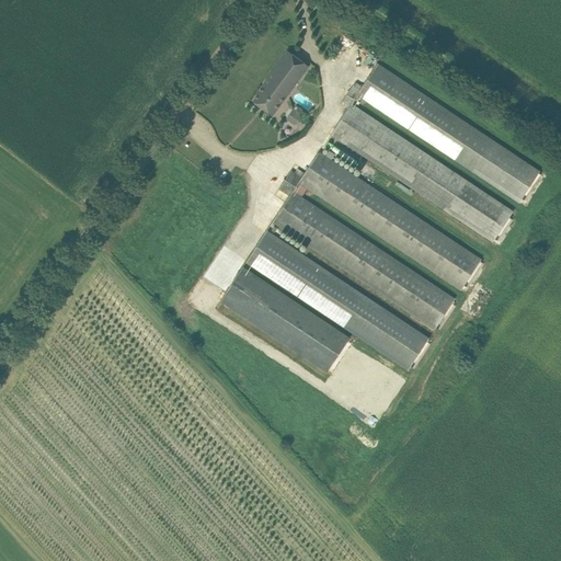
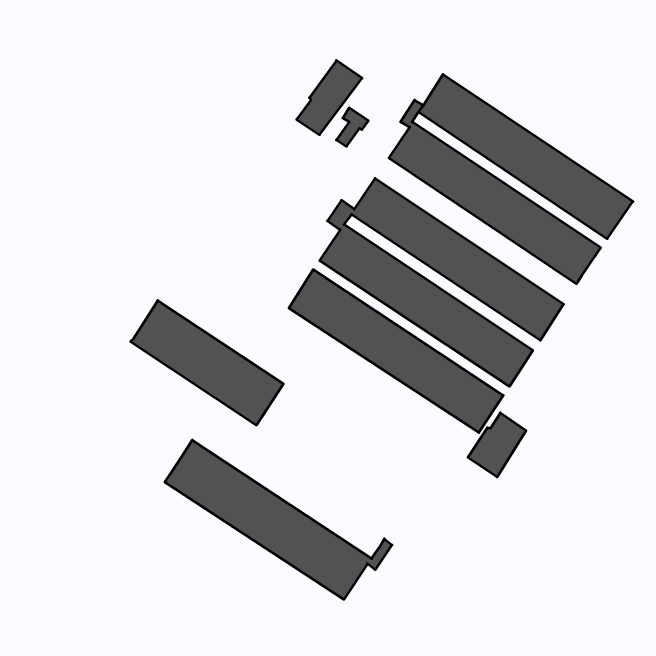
building: [220,266,351,373] -> [131,300,283,425]
building: none -> [468,413,526,477]
building: none -> [165,440,392,599]

